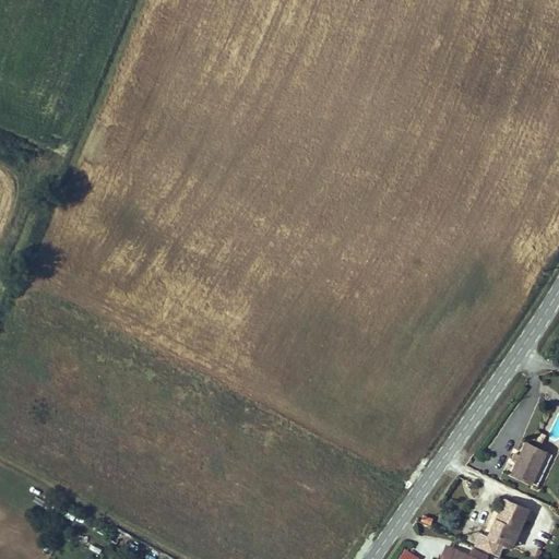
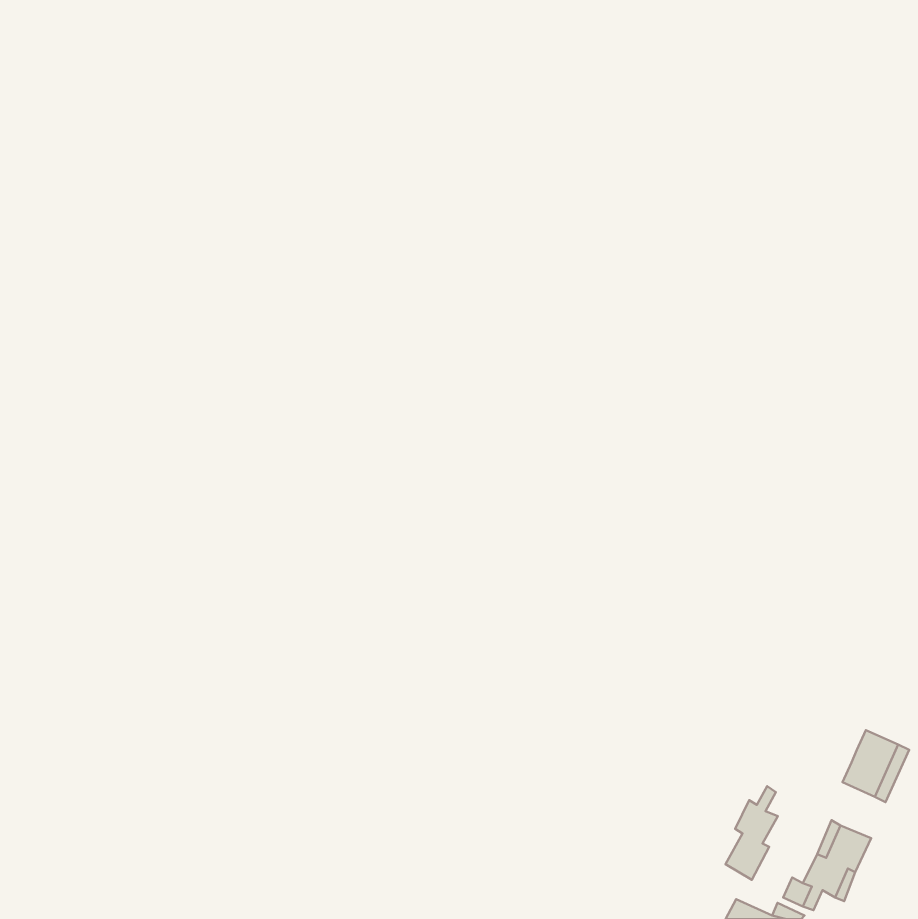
building: none -> [726,786,778,880]

